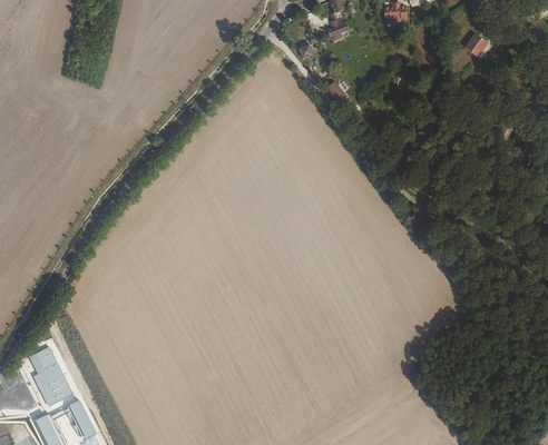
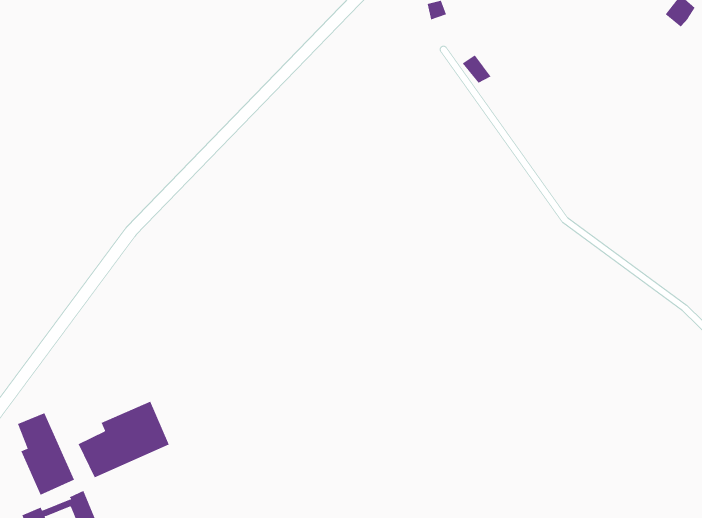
building: none -> [78,401,170,478]

